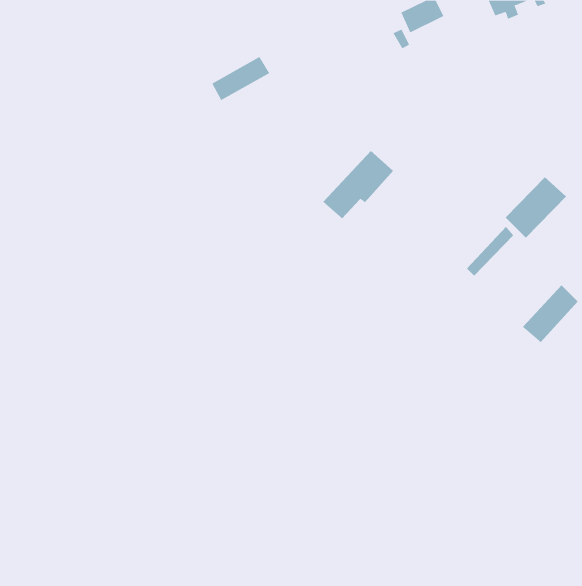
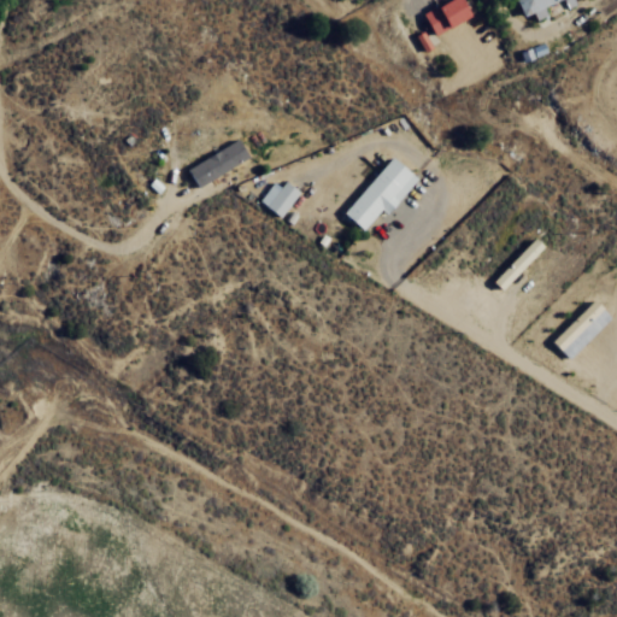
building: [212,56,270,101] -> [189,140,251,187]
building: none -> [262,178,299,217]
building: [505,176,567,239] -> none

